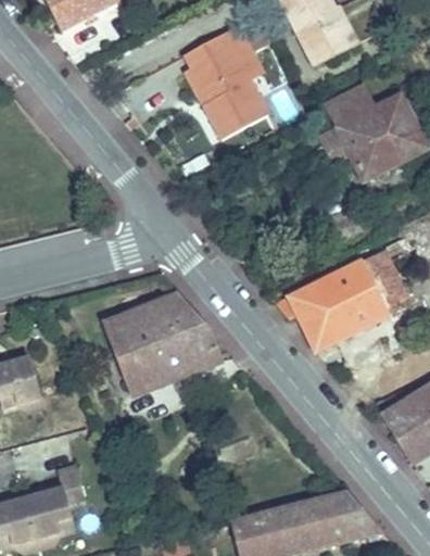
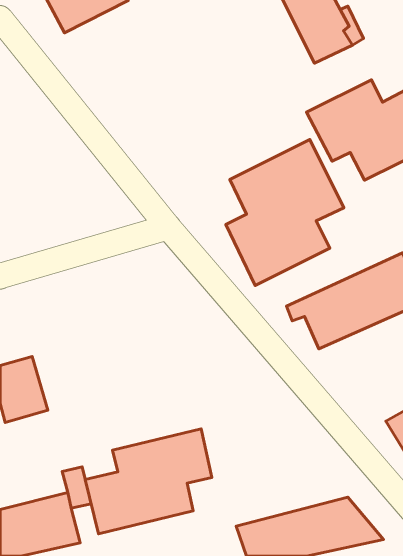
building: [189,25,264,134] -> none
building: none -> [226,140,344,286]
building: [104,291,218,390] -> none
building: none -> [85,429,212,534]

